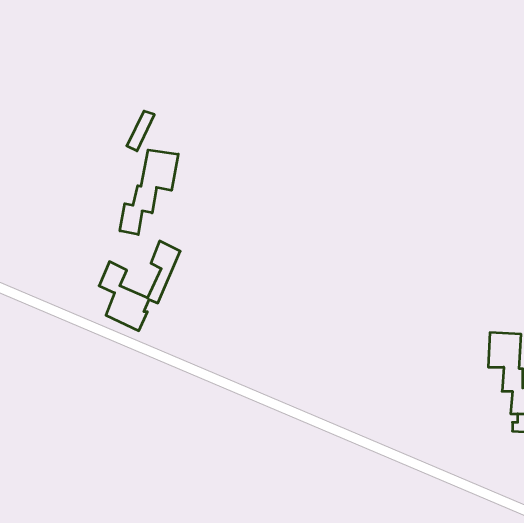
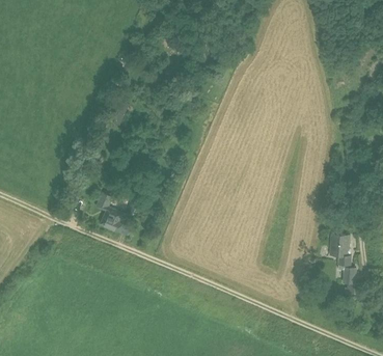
building: [120,150,178,235] -> none

